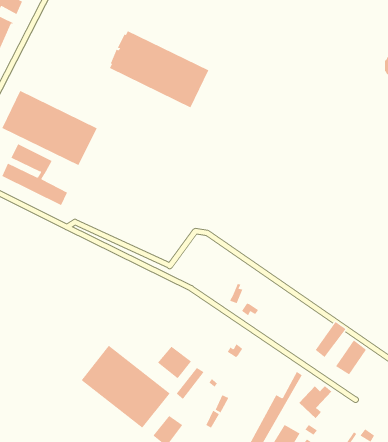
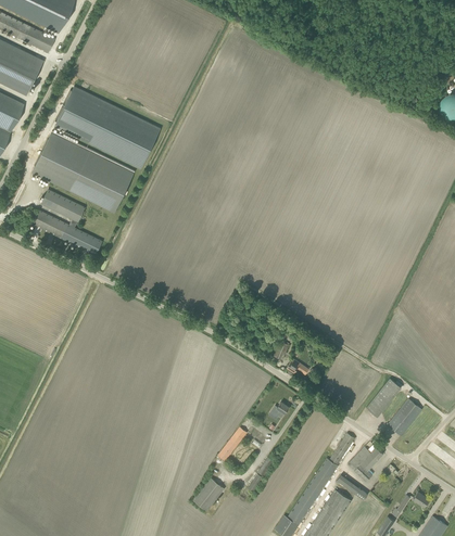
building: [109,30,209,108] -> [54,86,161,168]
building: [81,345,170,429] -> none
building: [157,346,192,379] -> none

